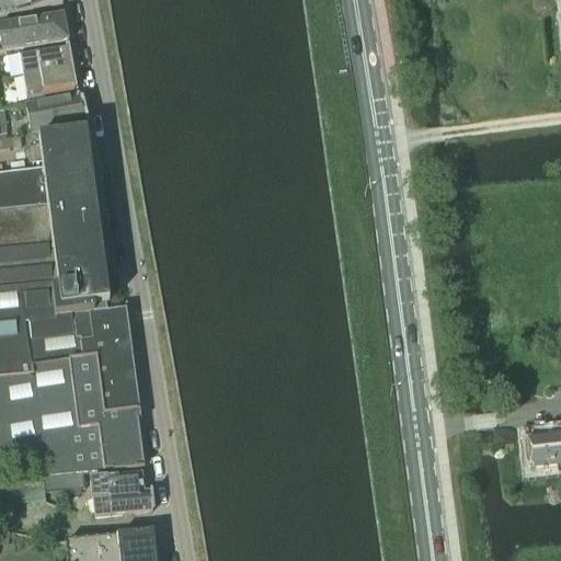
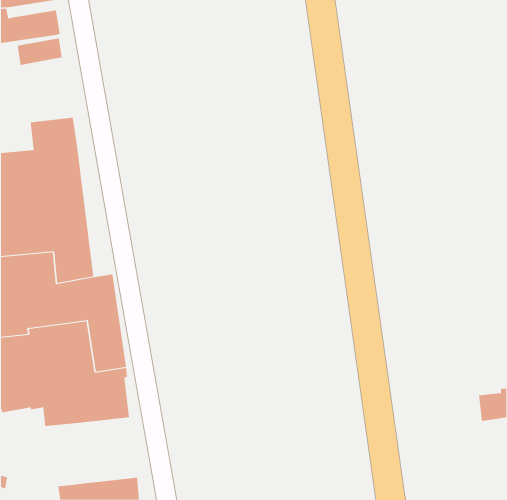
building: [22,64,73,94] -> none
building: [24,89,85,129] -> none
building: [44,468,85,489] -> none
building: [90,469,151,512] -> none

